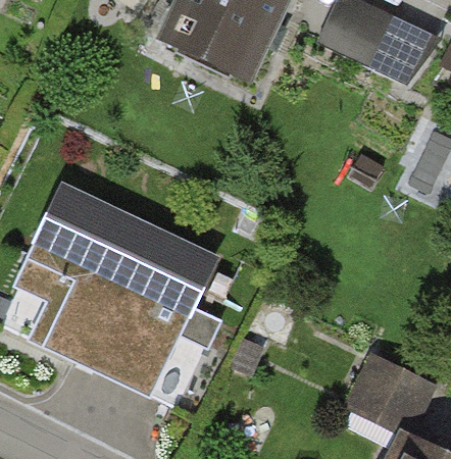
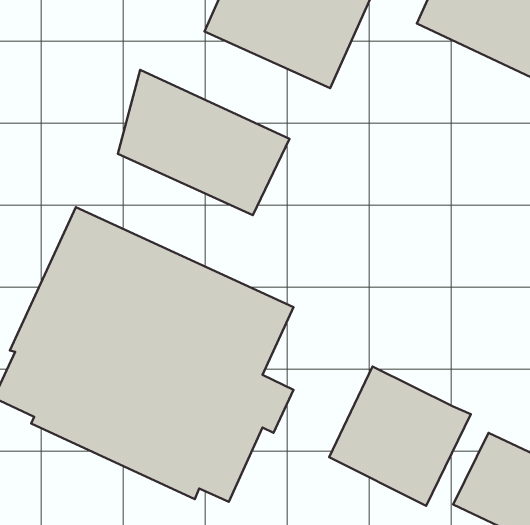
building: none -> [118,70,289,215]
building: none -> [329,366,471,506]

